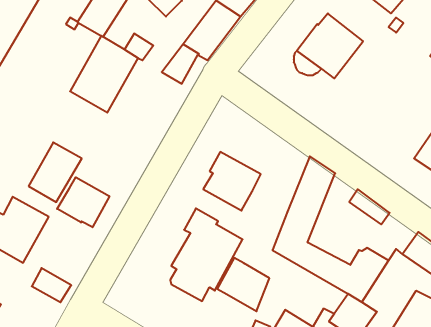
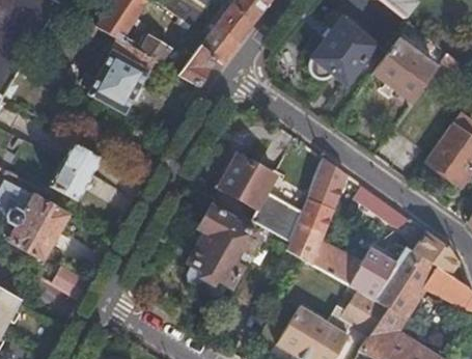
building: none -> [372,38,436,102]
building: [57,177,109,227] -> none
building: [217,258,269,311] -> [251,191,302,243]

